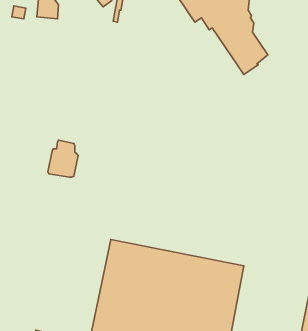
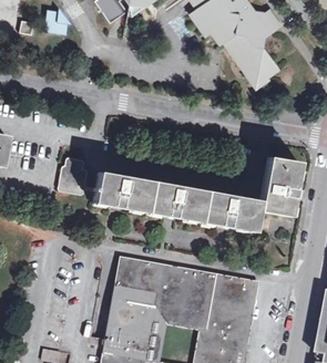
building: none -> [93,158,298,232]

